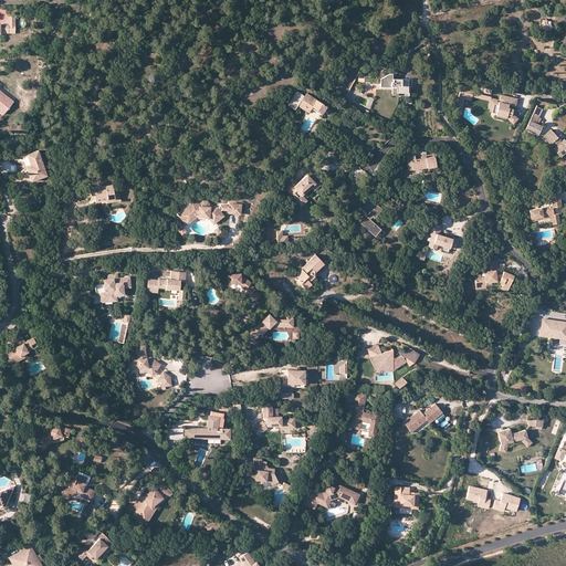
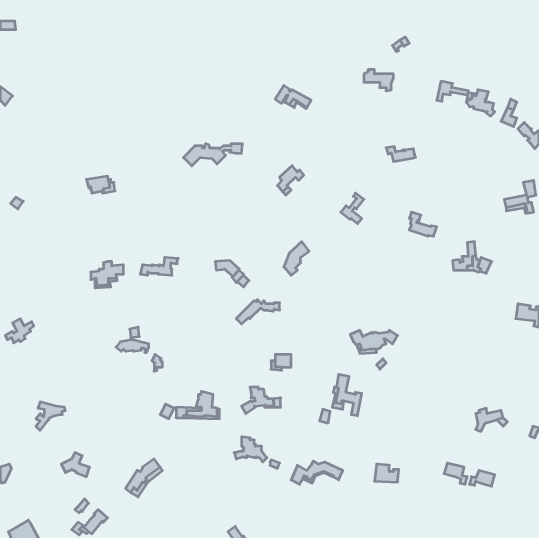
building: [27,151,49,184] -> none
building: [179,203,241,227] -> [183,144,242,166]
building: [402,403,442,432] -> none

